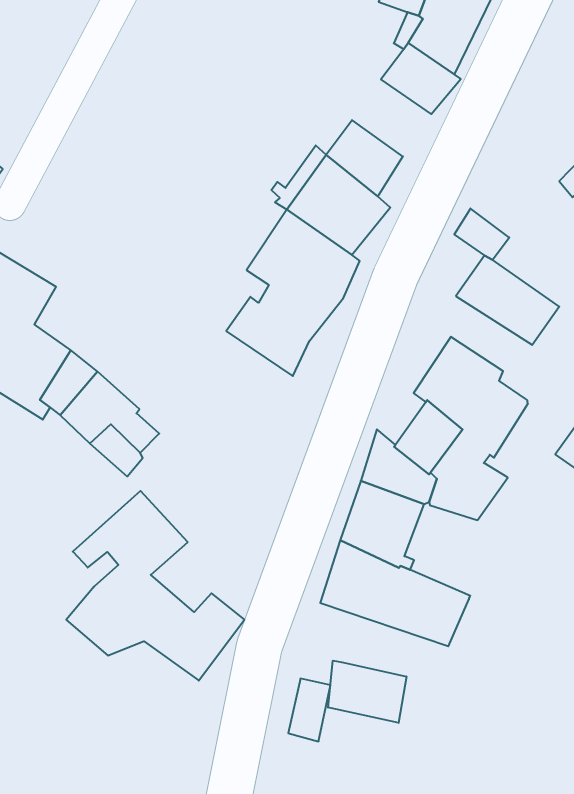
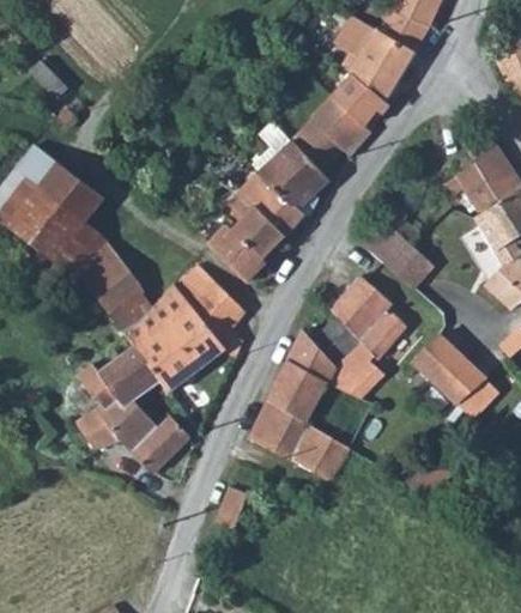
building: none -> [310,95,369,156]
building: none -> [134,269,247,396]
building: [328,661,406,723] -> none

